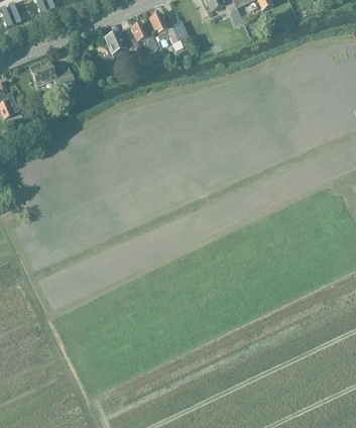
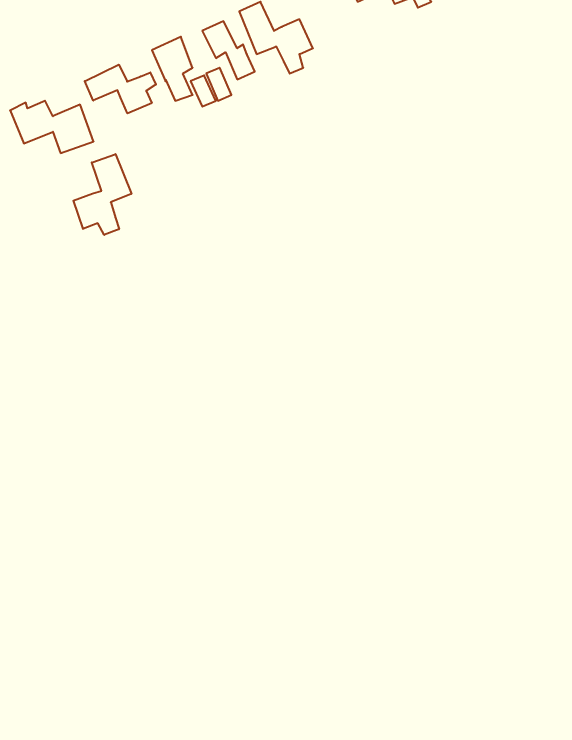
building: none -> [85,65,156,113]
building: none -> [73,154,131,235]

